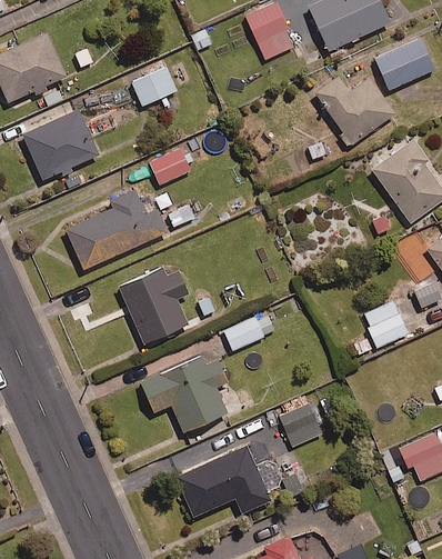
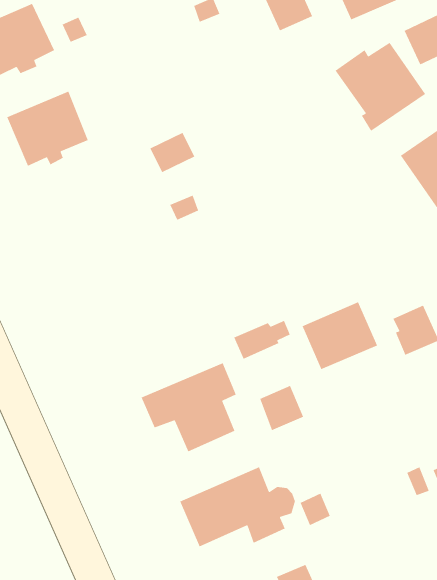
building: [131,66,175,106] -> none
building: [66,190,167,269] -> none
building: [120,264,188,343] -> none
building: none -> [301,301,378,370]
building: [280,405,320,446] -> [259,385,304,431]

